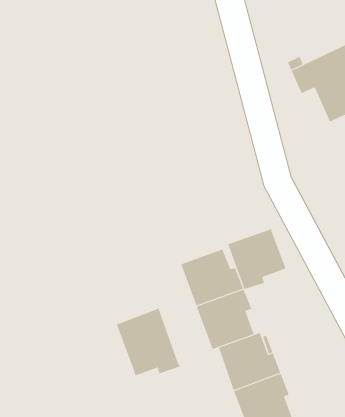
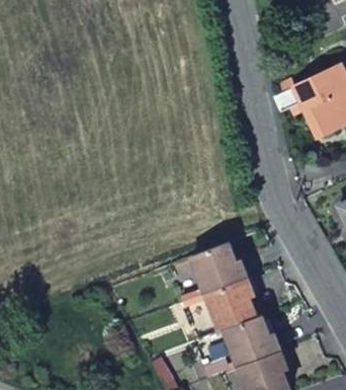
building: [228,228,286,290] -> none
building: [116,308,180,376] -> none

